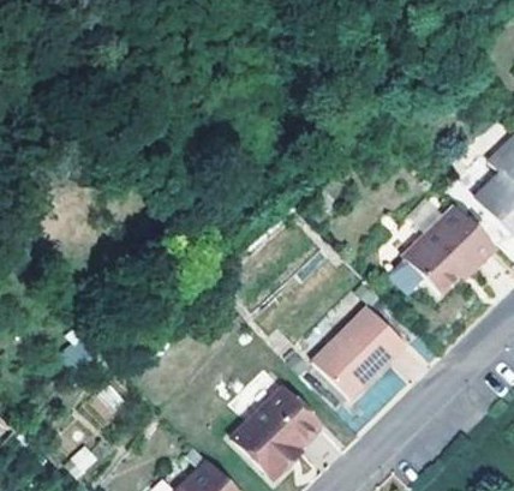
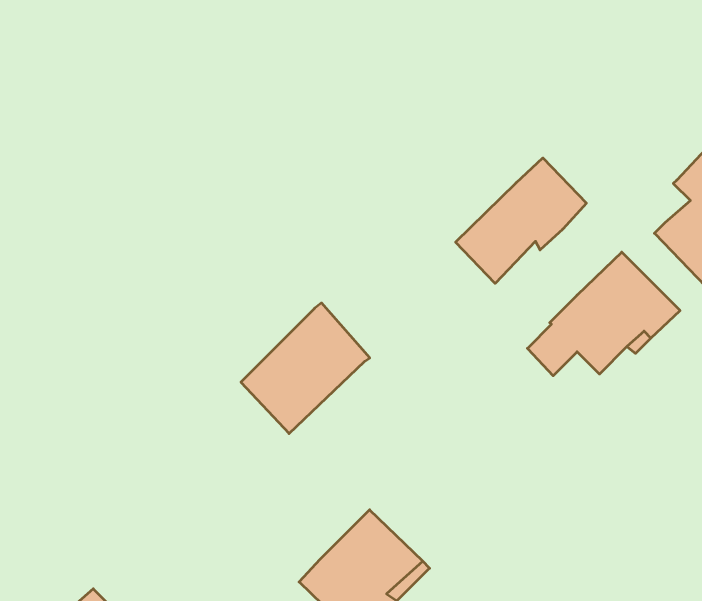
building: none -> [456,158,586,283]
building: [315,306,405,397] -> [241,303,370,434]

